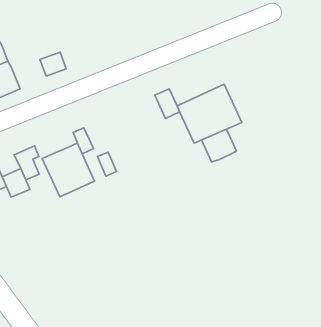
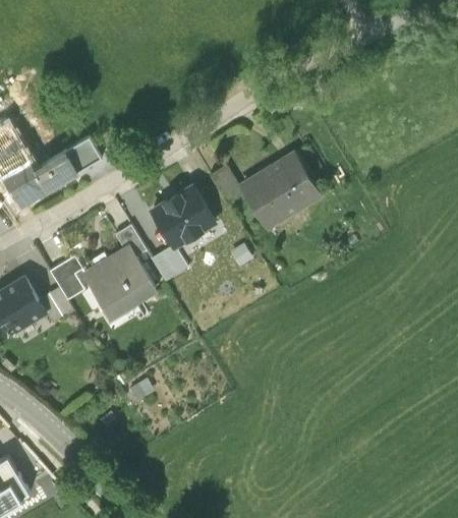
building: none -> [34,150,77,190]
building: none -> [153,185,215,246]
building: [202,129,236,162] -> none

